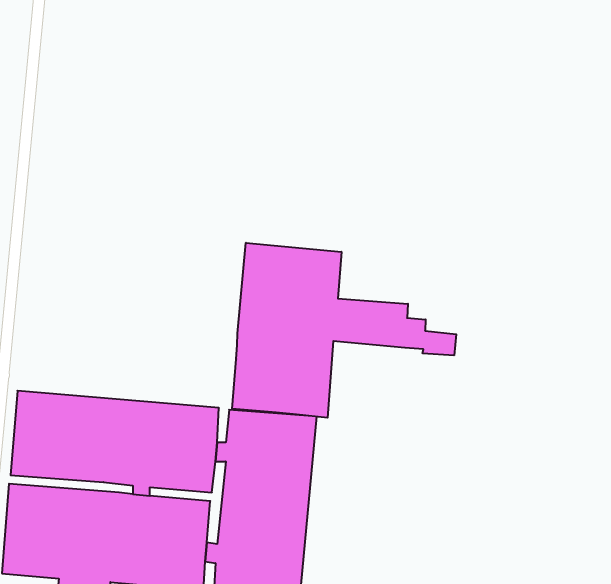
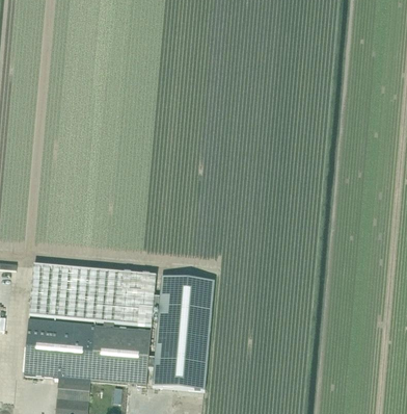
building: [232,243,456,418] -> none

